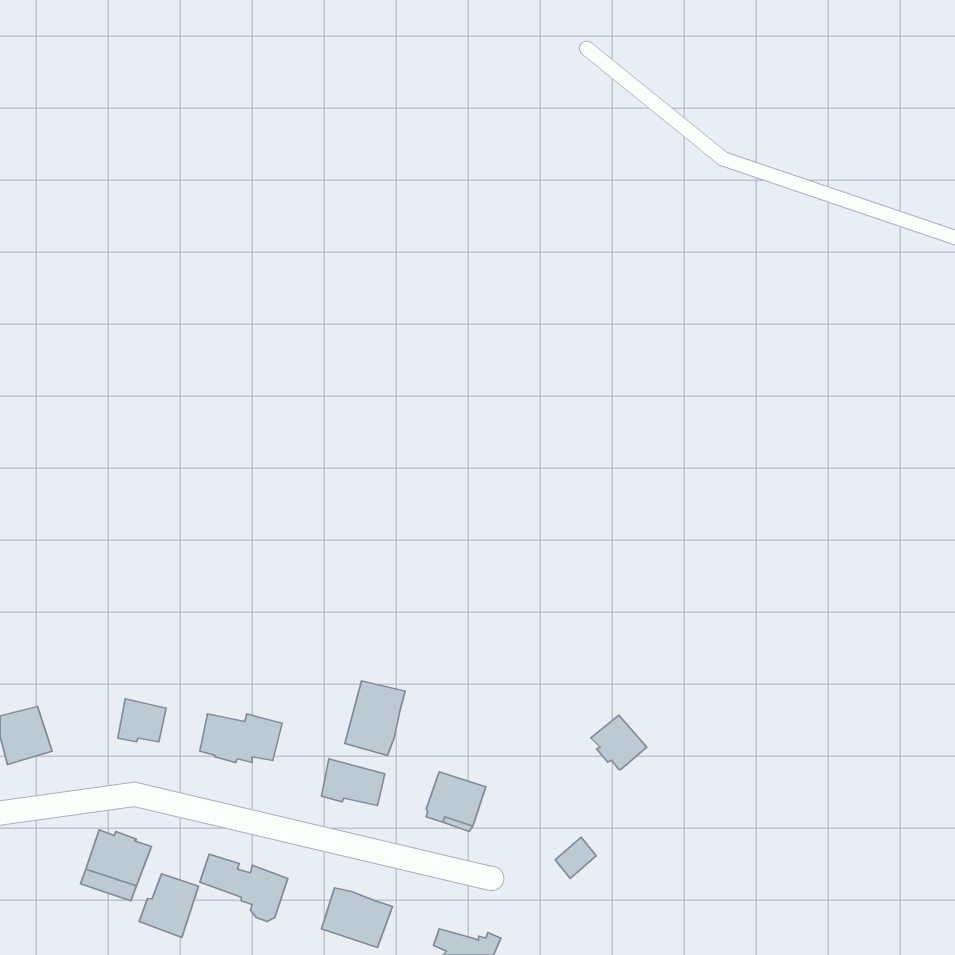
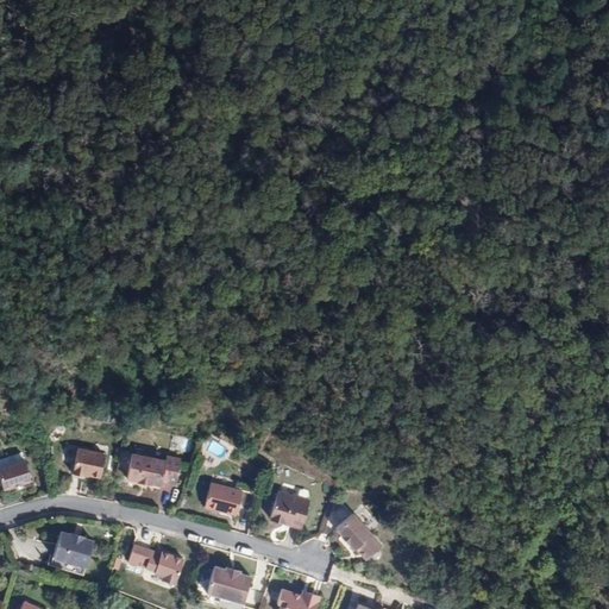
building: [345,681,405,756] -> none
building: [591,715,647,770] -> [334,513,370,547]
building: [139,874,199,937] -> none

